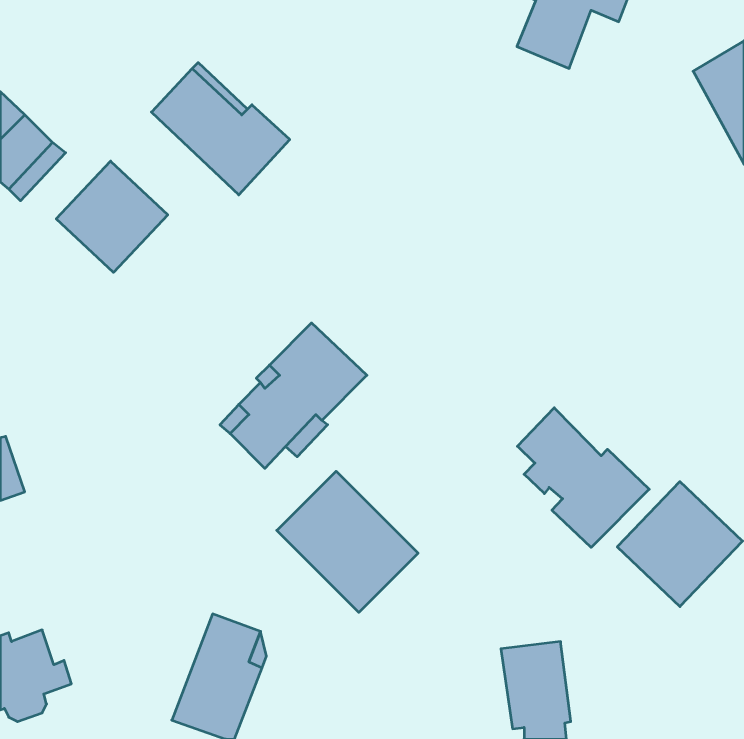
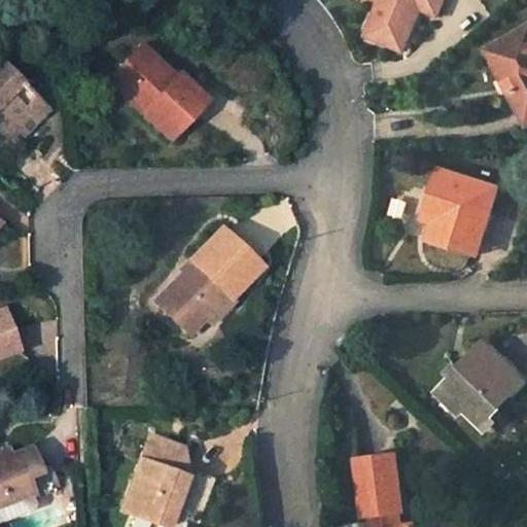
building: [56,161,168,272] -> none
building: none -> [423,168,500,254]
building: [517,408,649,547] -> none
building: [277,471,418,612] -> none

